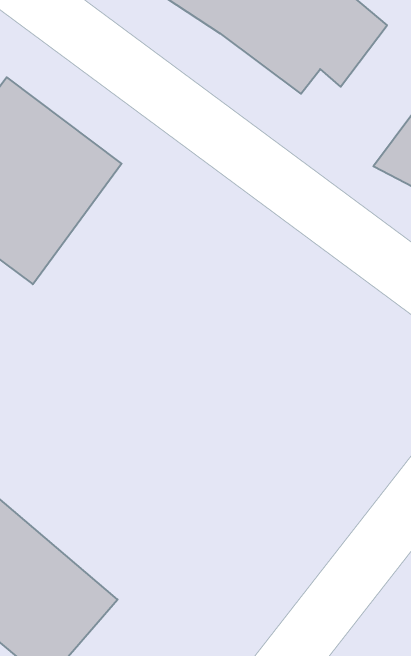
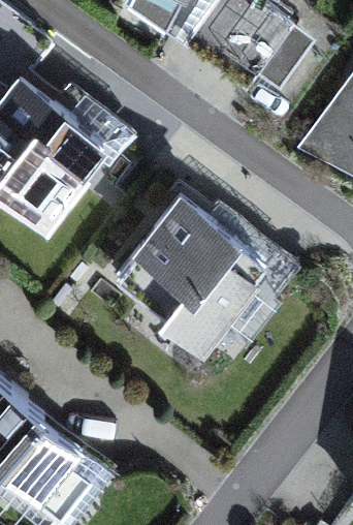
building: none -> [120,199,275,350]

